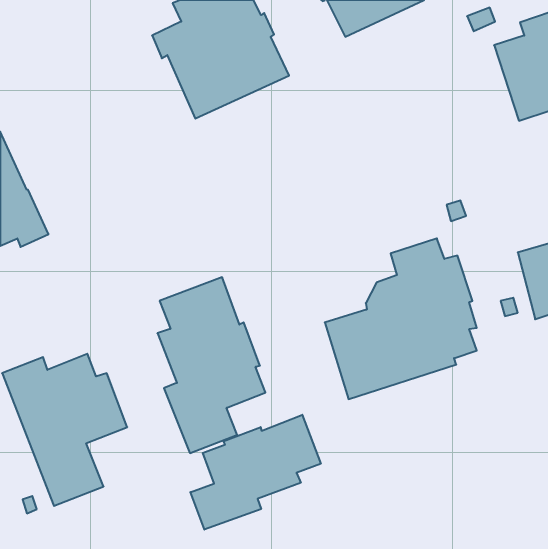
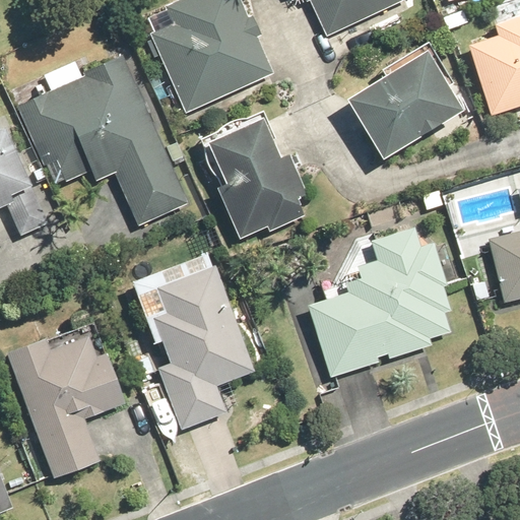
building: none -> [343,48,462,158]
building: none -> [19,54,189,224]
building: none -> [200,109,307,239]
building: [190,415,321,530] -> none

